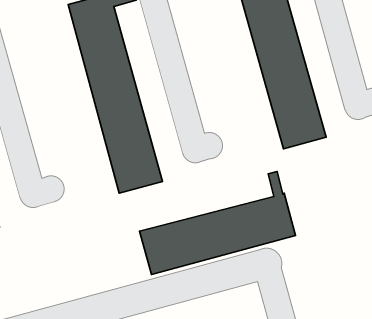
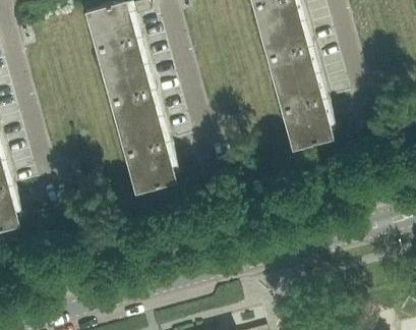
building: [140,172,296,274] -> none

